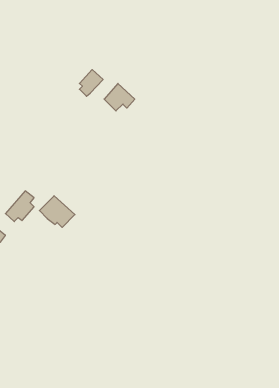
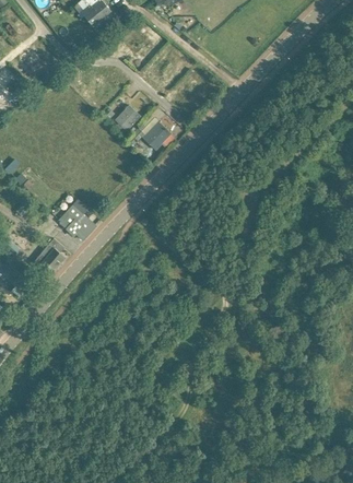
building: [39,196,75,227] -> [56,204,95,239]

